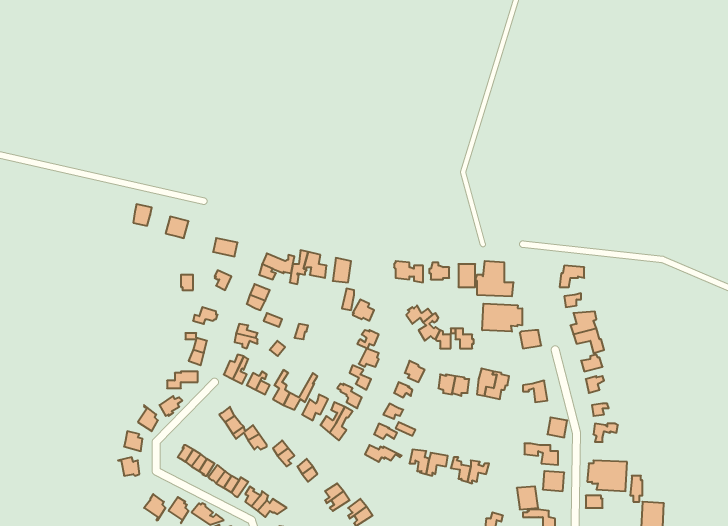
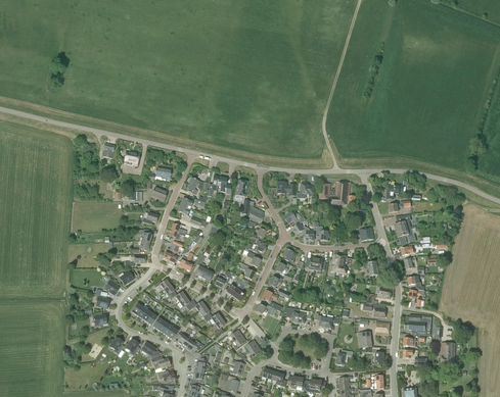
building: [482,304,522,332] -> none

